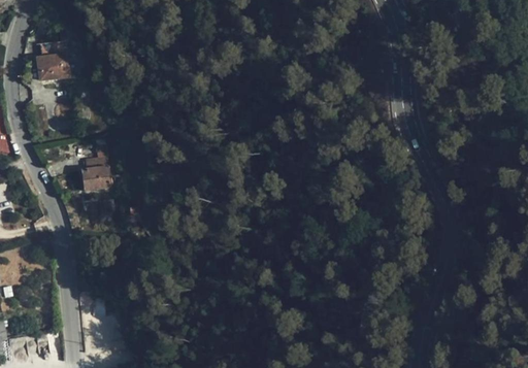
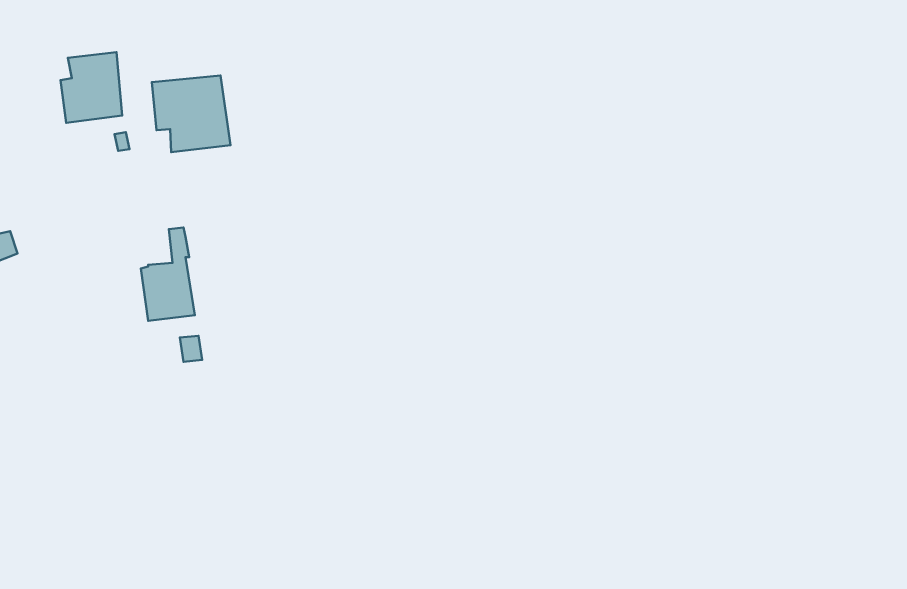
building: none -> [152,75,231,152]

